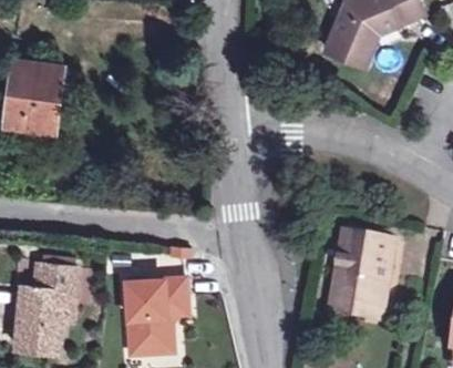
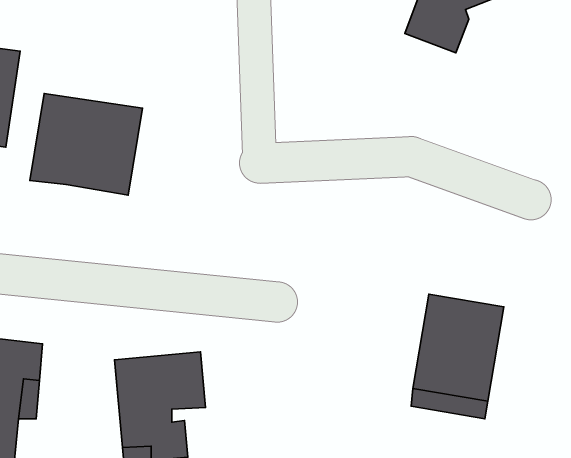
building: none -> [30,93,143,195]

